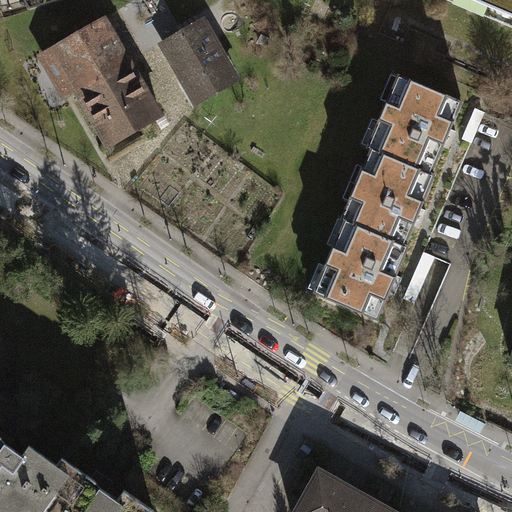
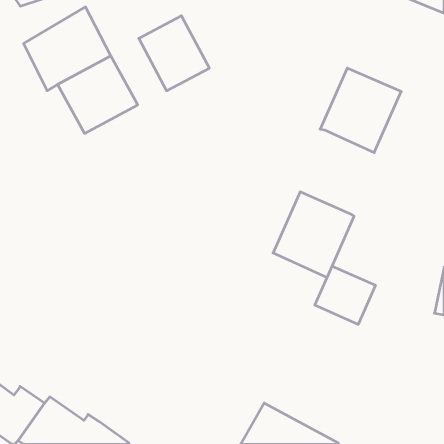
building: [341,149,433,246] -> none
building: none -> [315,266,375,324]

